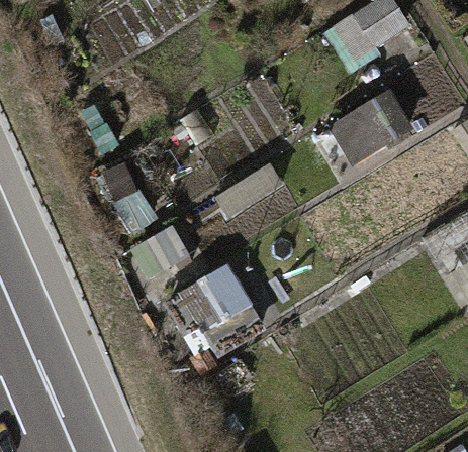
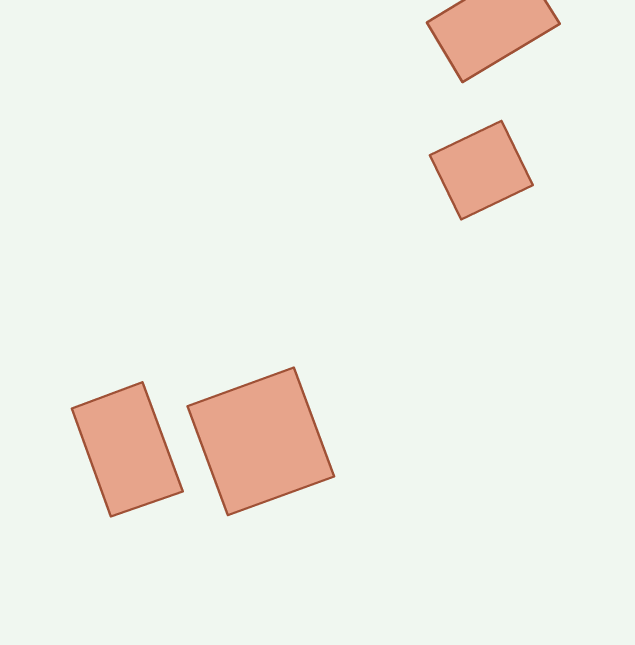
building: none -> [72,382,183,516]

